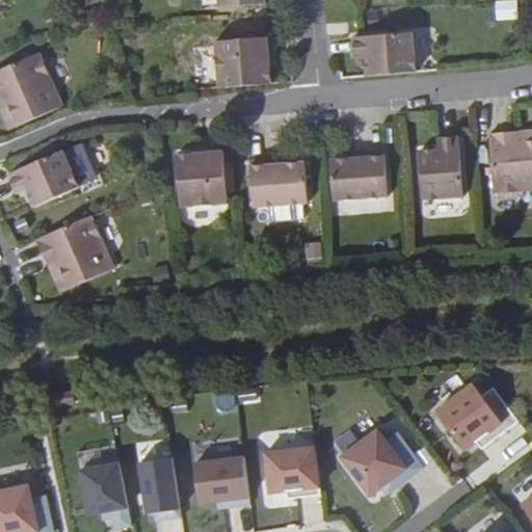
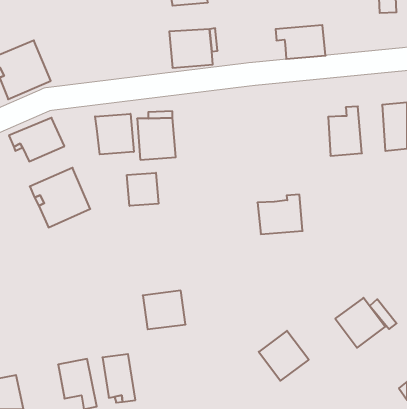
building: none -> [95,114,134,154]
building: [332,149,391,200] -> [257,195,303,234]
building: [250,158,309,207] -> none
building: none -> [127,173,158,206]
building: [259,444,313,491] -> none
building: [188,452,243,502] -> [143,291,186,329]

